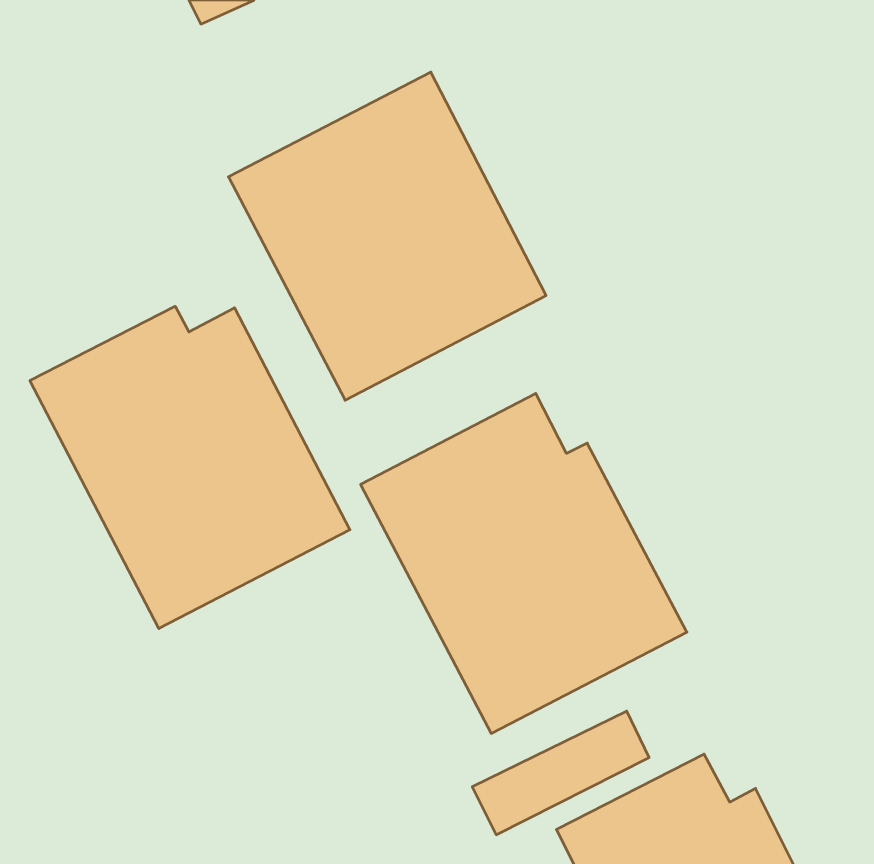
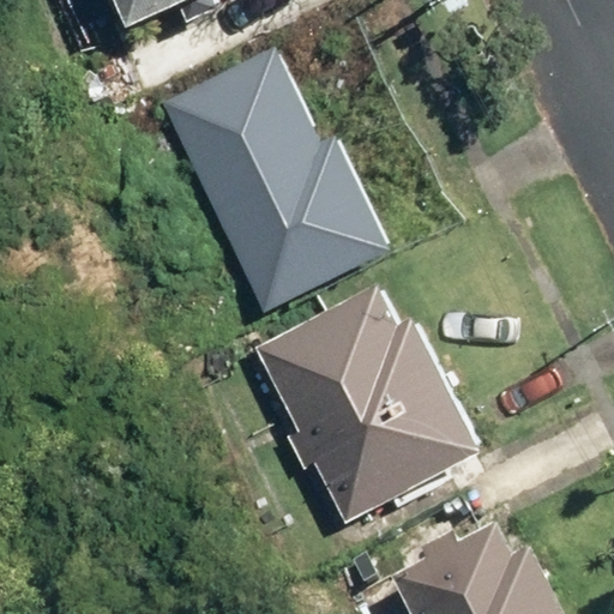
building: [30,306,350,629] -> none

